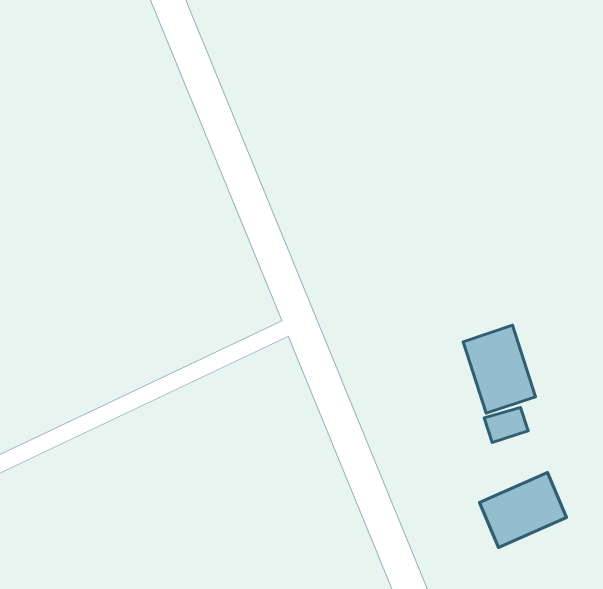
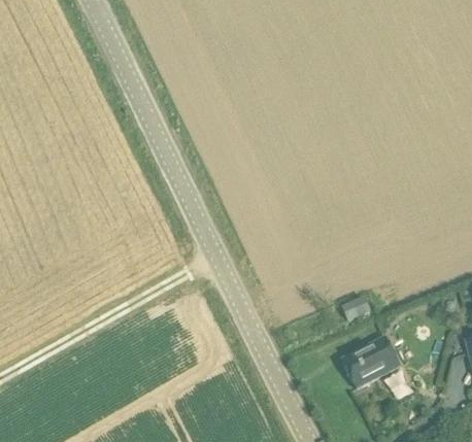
building: [463,325,535,413] -> none

